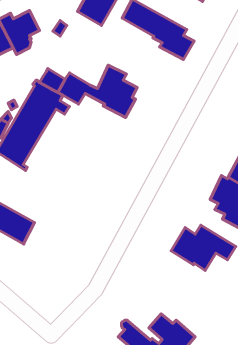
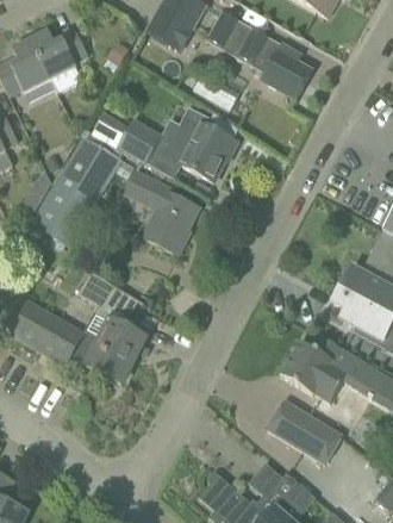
building: none -> [127,169,199,254]
building: none -> [68,272,148,384]
building: none -> [268,399,341,461]

